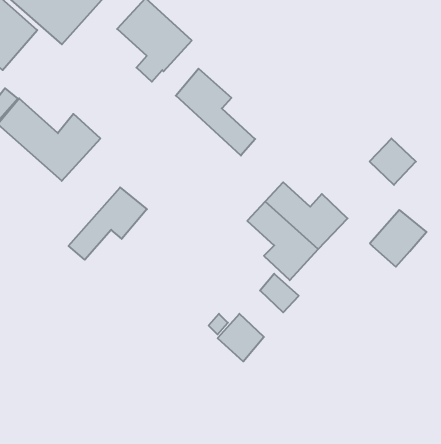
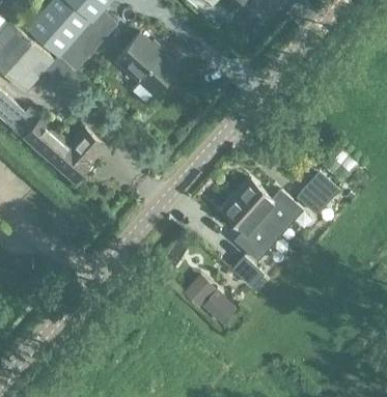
building: [176,69,255,156] -> none
building: [69,187,147,260] -> none
building: [370,210,427,267] -> [294,168,339,214]

